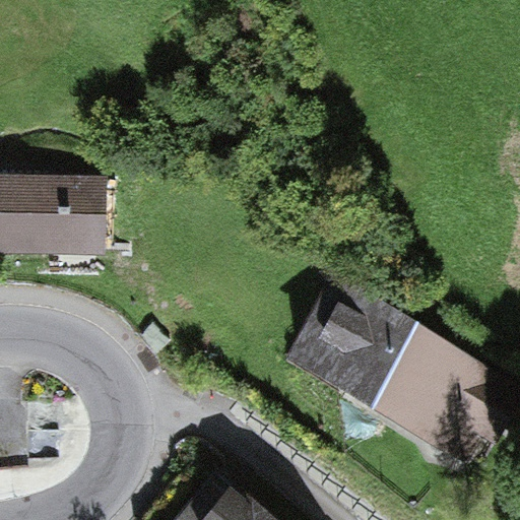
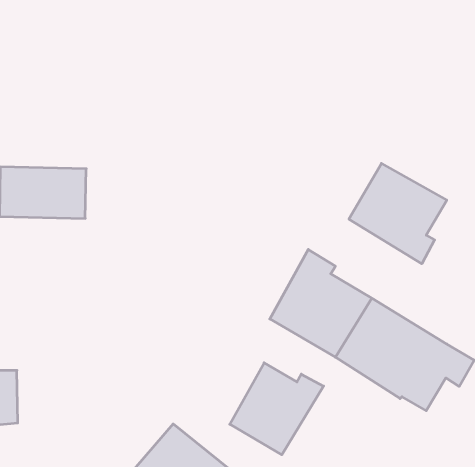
building: none -> [349,163,447,264]
building: none -> [230,363,324,455]

